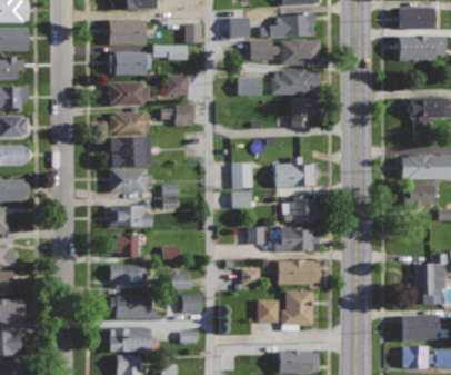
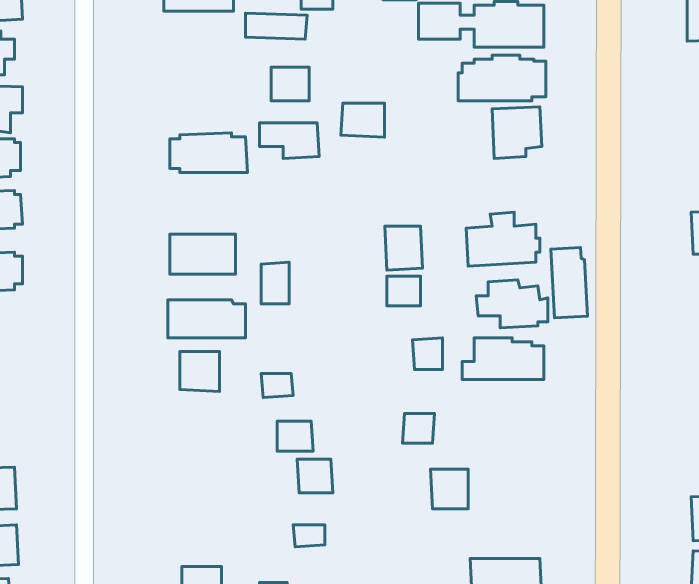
building: [110,53,152,75] -> none
building: [238,78,262,97] -> [341,103,384,137]
building: [110,82,150,105] -> none
building: [110,136,152,167] -> none
building: none -> [551,248,588,318]
building: [278,259,319,285] -> none
building: [110,264,149,288] -> none
building: [281,292,313,333] -> none
building: [116,296,157,319] -> none
building: [111,328,151,352] -> none

